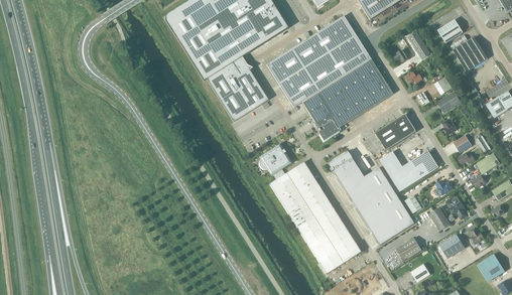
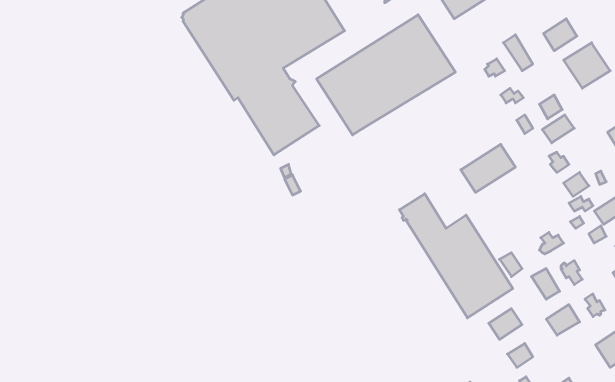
building: [301,58,392,140] -> none
building: [259,144,361,273] -> none
building: [379,149,438,191] -> none

